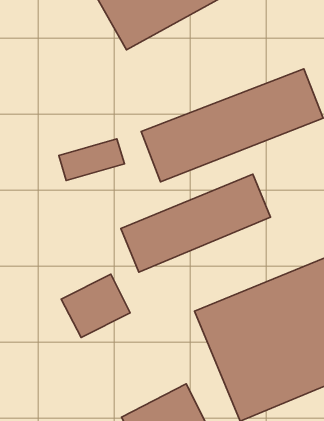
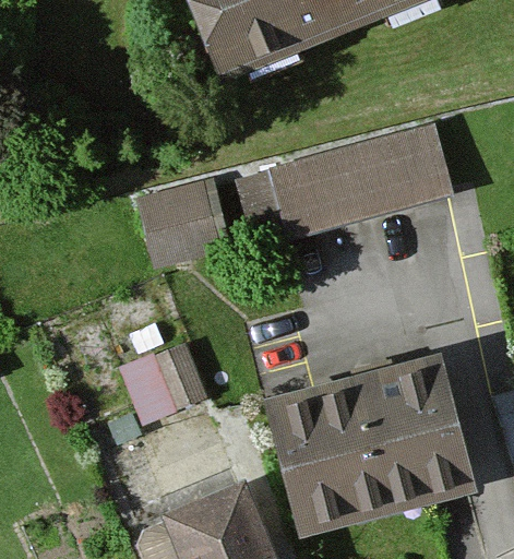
building: [121,174,270,272] -> none

